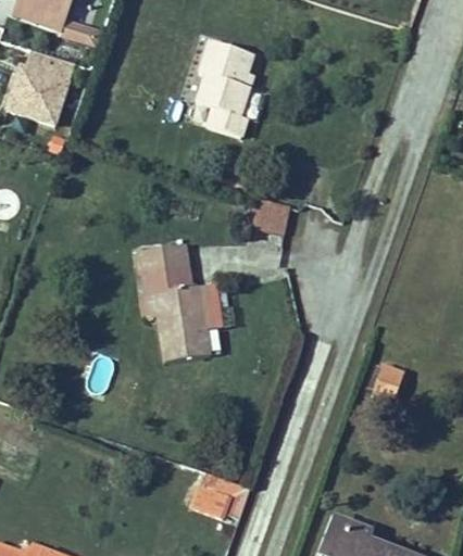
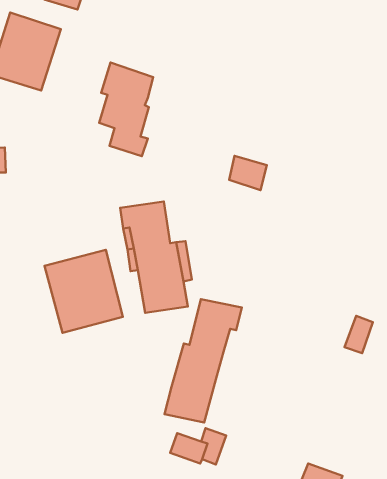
building: [196,40,252,138] -> [99,63,153,156]
building: none -> [45,250,123,333]
building: none -> [164,299,242,422]

